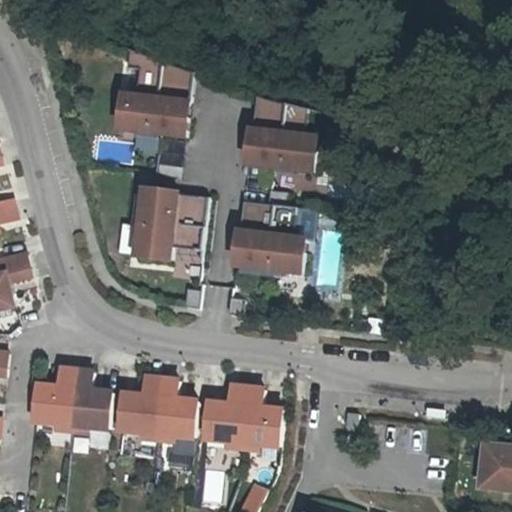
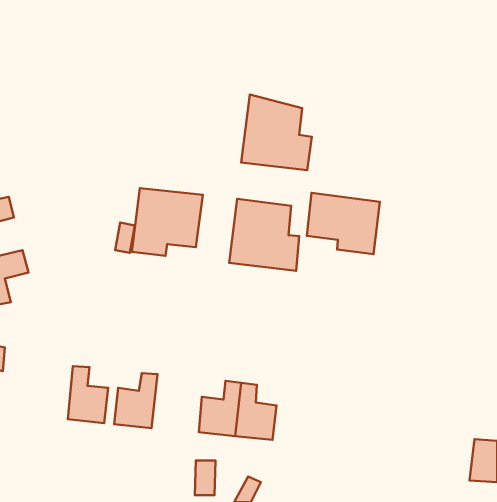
building: [118,55,191,135] -> none
building: none -> [307,193,380,254]
building: [31,370,74,426] -> none
building: [154,380,195,438] -> none

